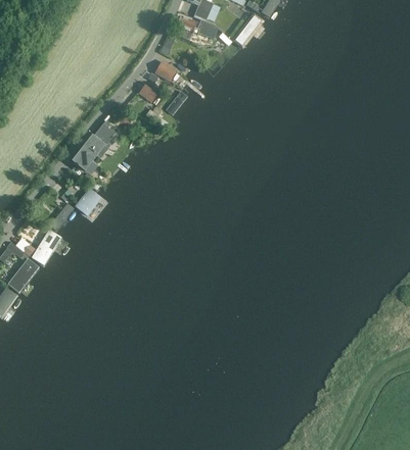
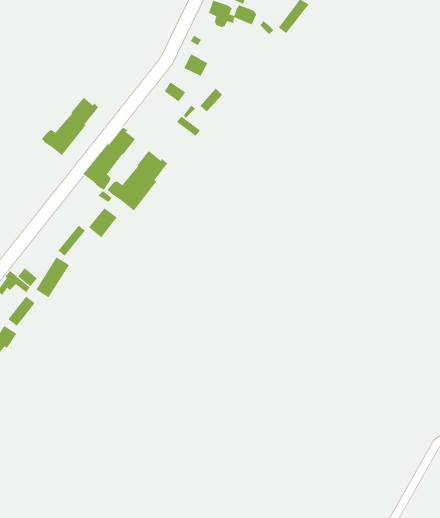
building: none -> [41,97,99,156]
building: none -> [107,150,168,211]

